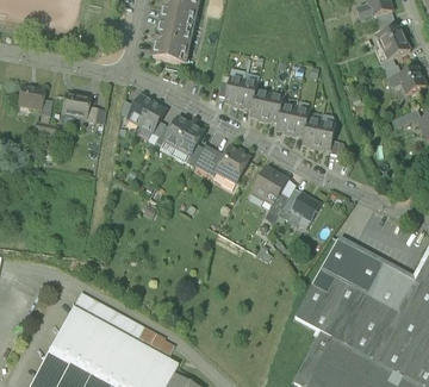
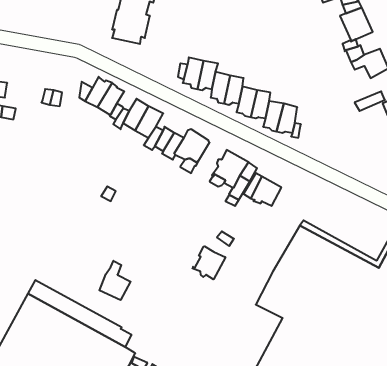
building: [62,94,88,123] -> none
building: none -> [192,246,225,279]
building: none -> [99,261,131,300]

